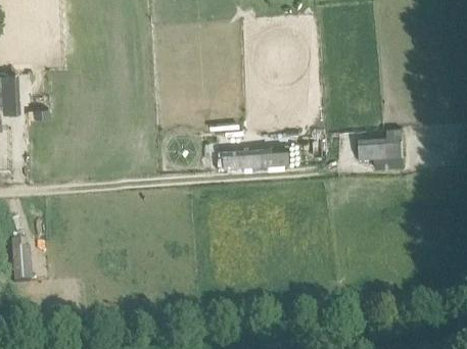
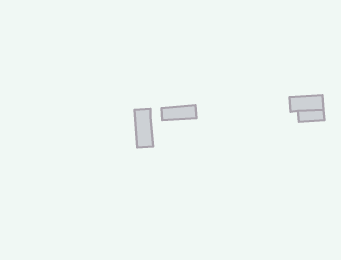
building: none -> [135,109,153,147]

